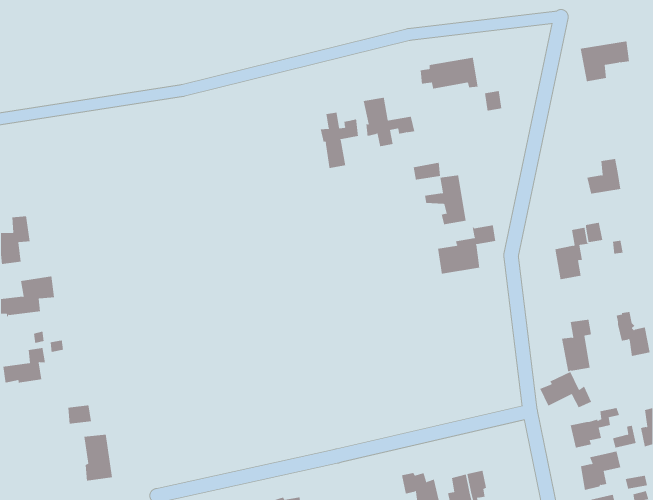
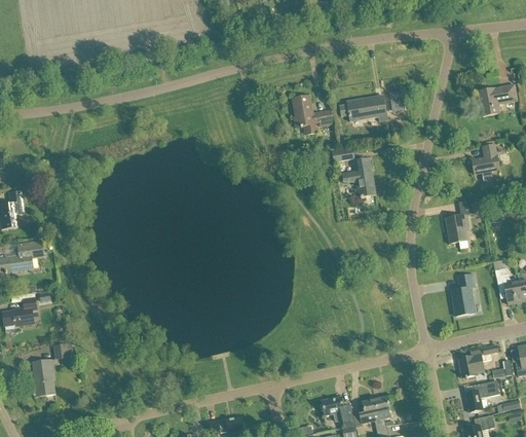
building: [580,41,630,82] -> [478,83,518,116]
building: [420,57,479,89] -> [340,95,387,120]
building: [320,112,359,169] -> none
building: [437,225,496,275] -> none
building: [540,371,592,408] -> none
building: [84,434,113,481] -> [32,359,55,397]

